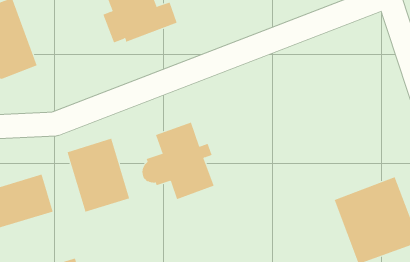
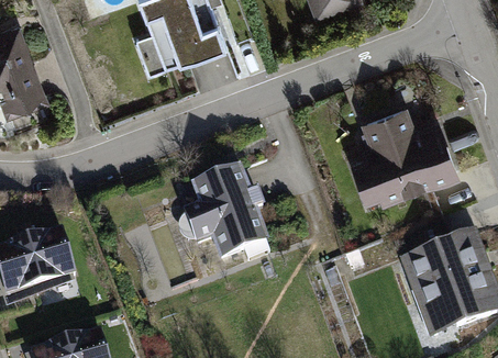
building: none -> [353,107,462,204]
building: [67,138,130,213] -> none

